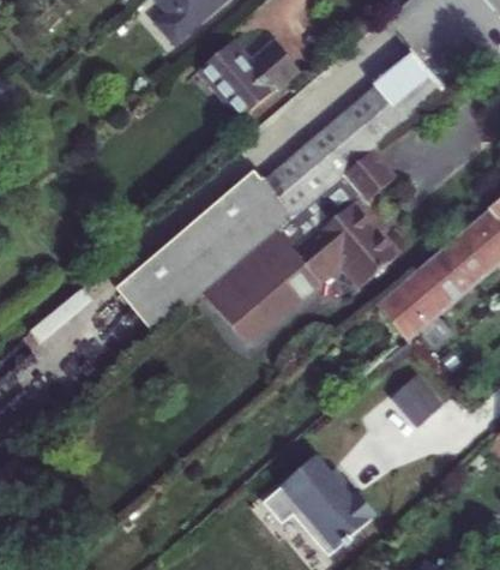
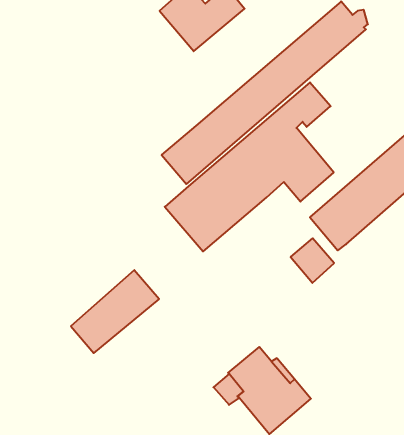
building: [128,233,230,329] -> [71,270,159,353]
building: [391,376,441,427] -> [291,238,334,283]

